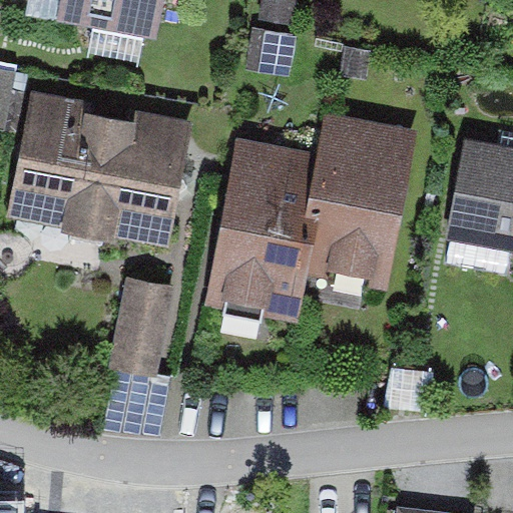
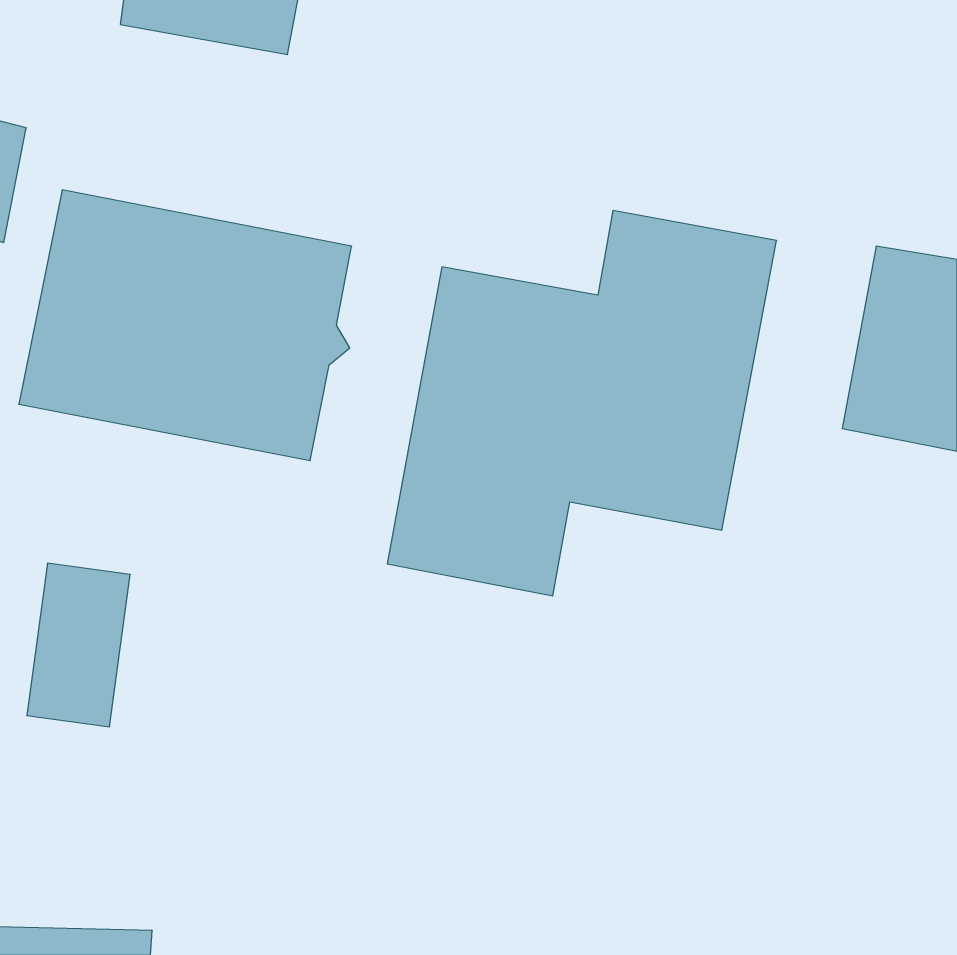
building: [113,285,168,372] -> [27,563,130,727]

